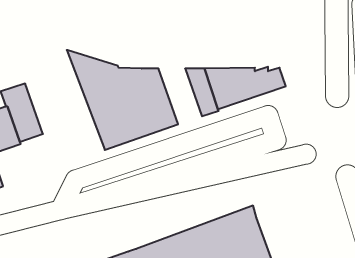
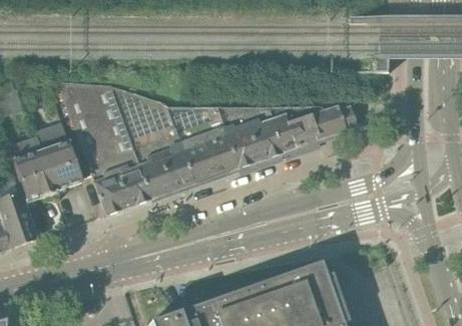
building: none -> [60,81,153,216]
building: none -> [214,106,264,171]

